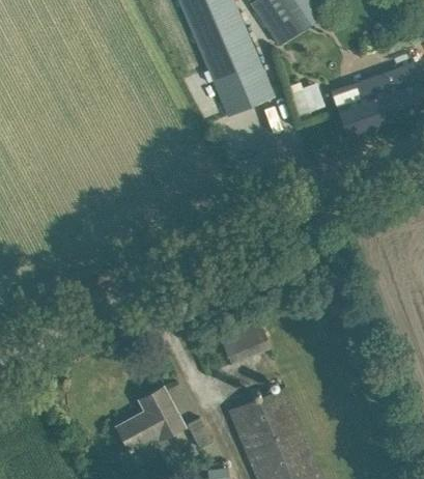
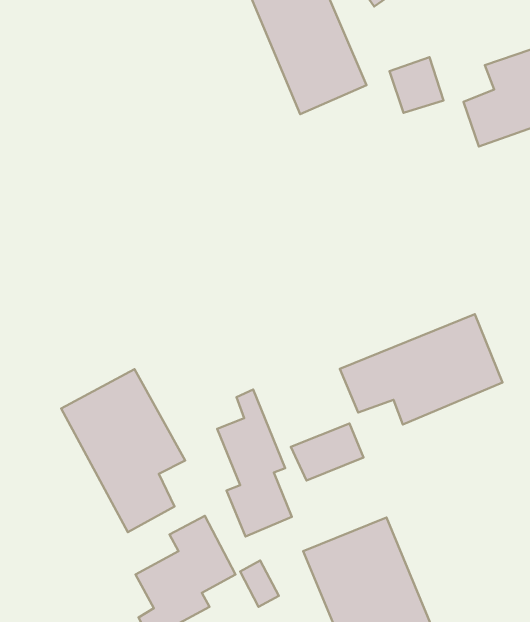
building: none -> [340,314,502,424]
building: none -> [61,369,185,532]
building: none -> [217,389,292,537]

